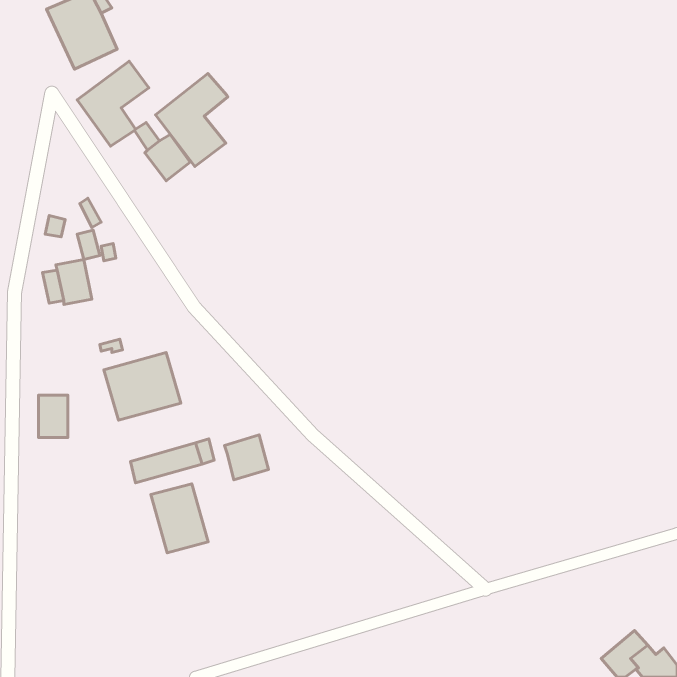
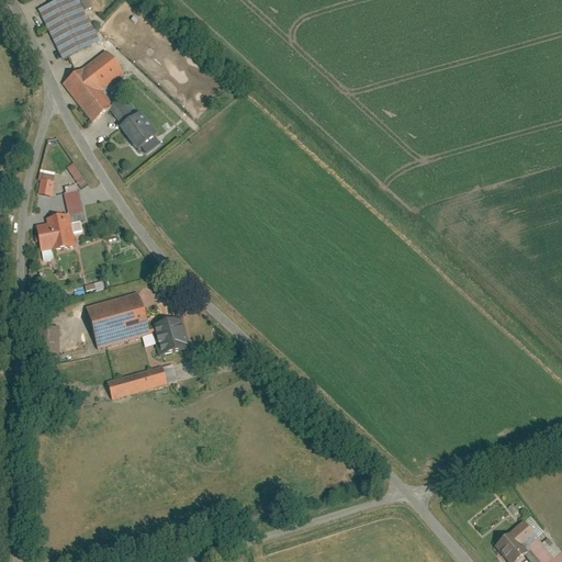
building: [155,73,228,167] -> none
building: [225,435,268,480] -> [153,315,189,352]
building: [151,484,208,553] -> none

